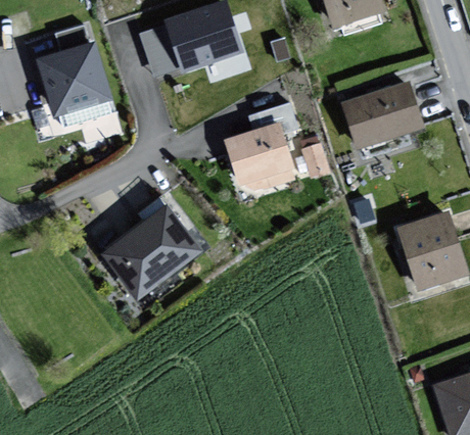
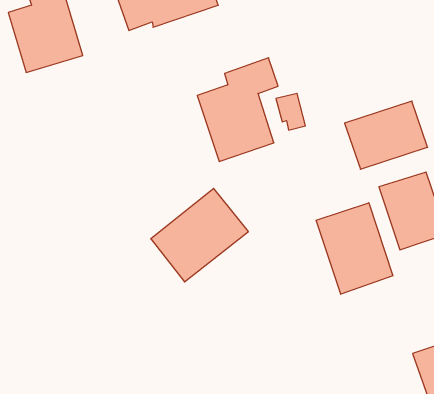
building: [343,82,424,148] -> [345,101,428,169]
building: [104,207,199,298] -> [151,188,248,282]
building: none -> [316,203,393,294]

